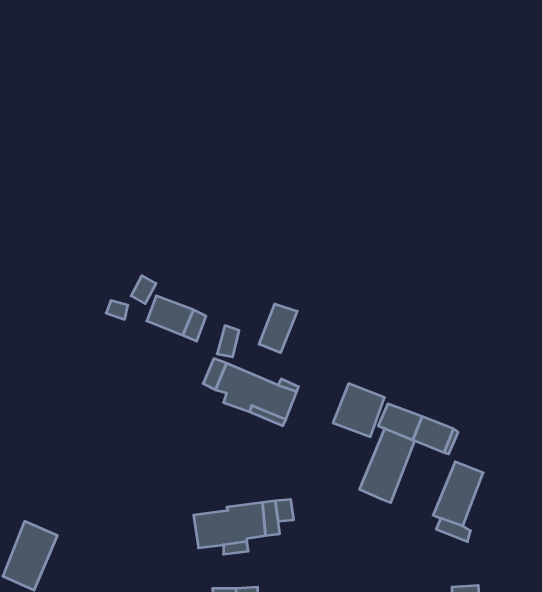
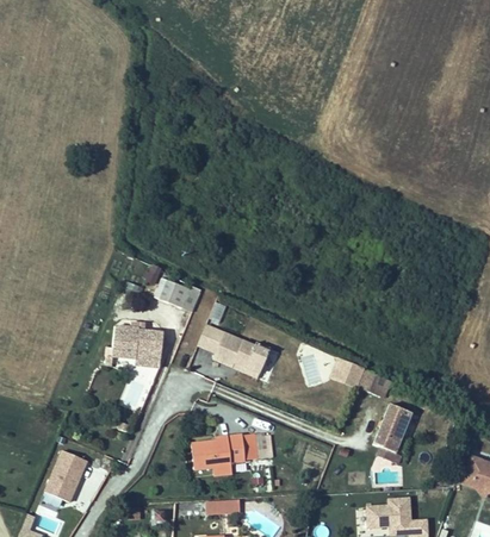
building: [259,304,297,353] -> none
building: none -> [112,321,165,368]
building: [360,428,415,503] -> none

